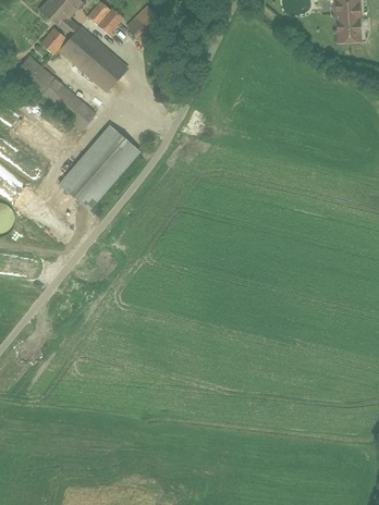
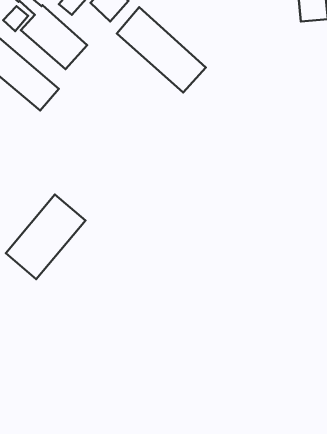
building: none -> [117,7,206,93]
building: [61,124,140,209] -> [6,194,85,279]

